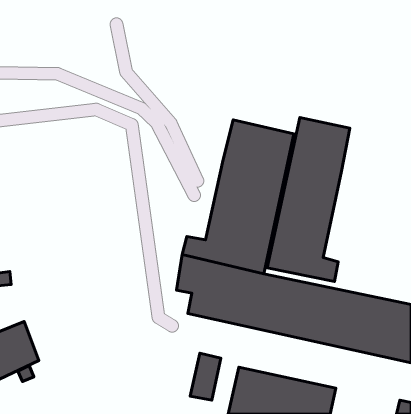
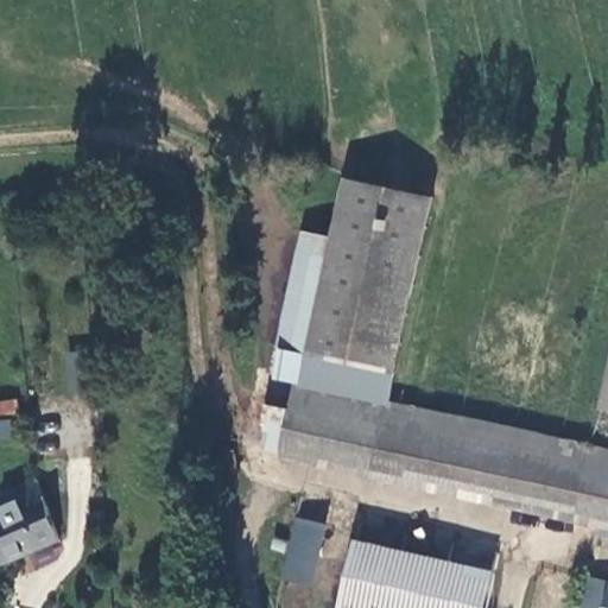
building: [267,117,350,281] -> none
building: none -> [274,229,328,352]

